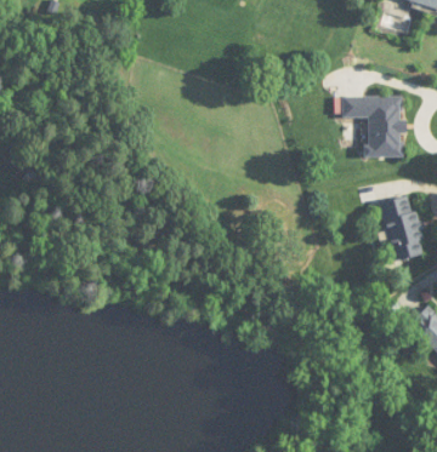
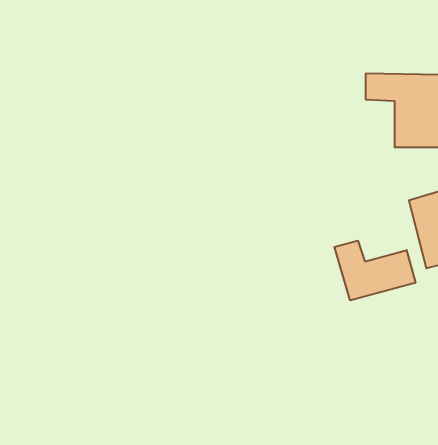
building: none -> [334,241,415,300]

